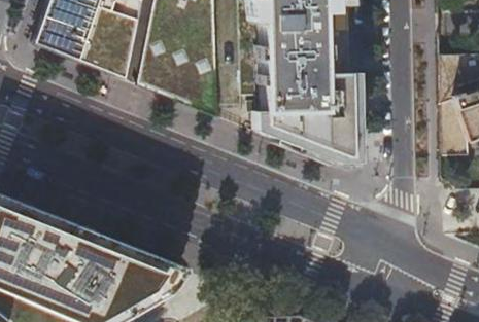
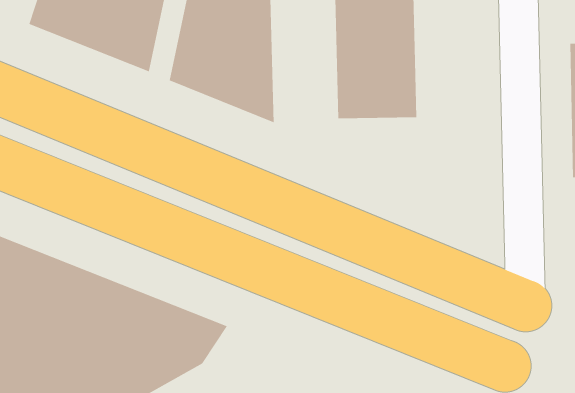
building: [250,68,361,163] -> none

